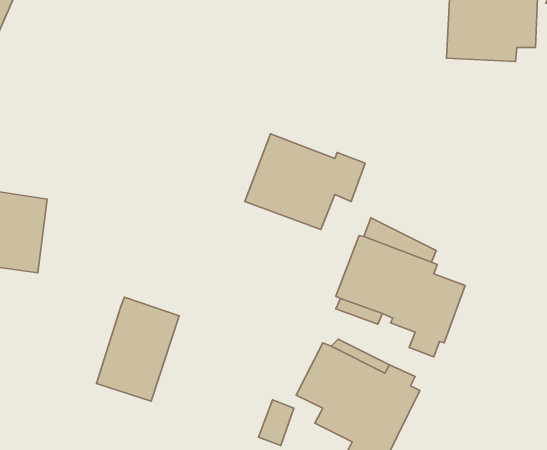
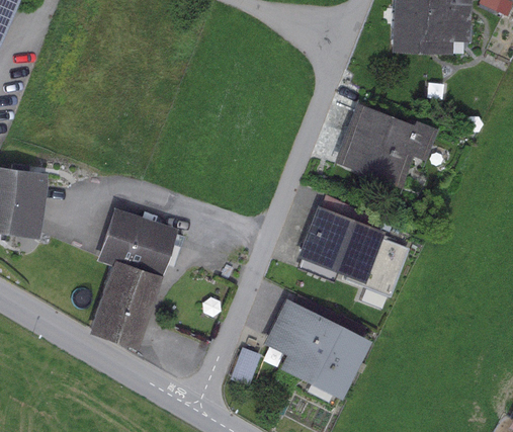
building: [245,134,365,230] -> [335,104,439,187]
building: none -> [94,207,176,275]

